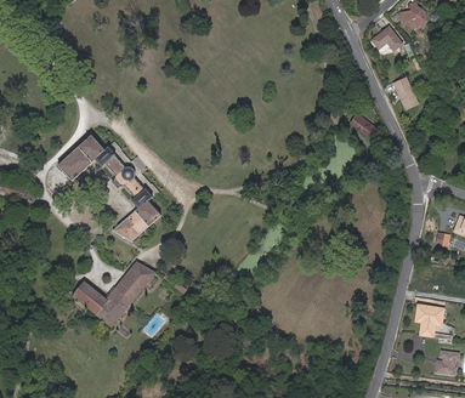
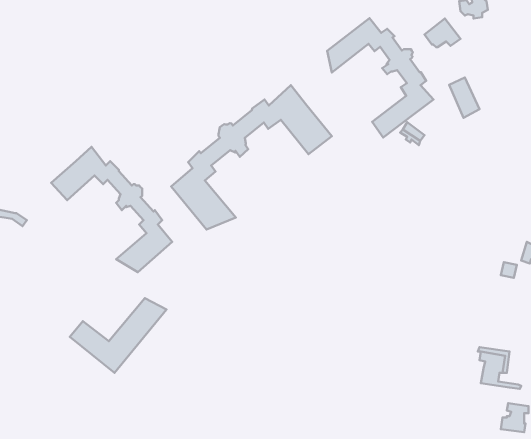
building: none -> [327,18,433,138]
building: none -> [171,85,332,230]

